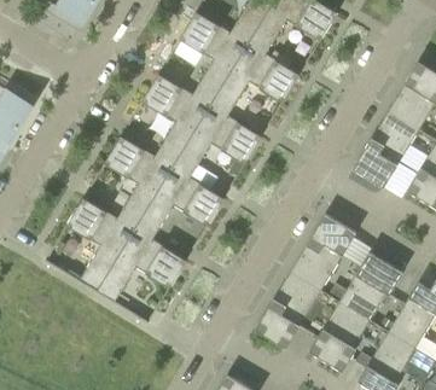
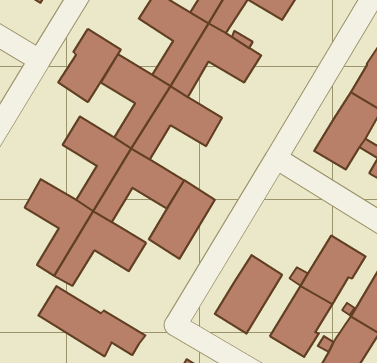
building: none -> [58,29,121,102]
building: [291,214,356,291] -> [149,180,215,259]
building: none -> [38,286,145,356]

